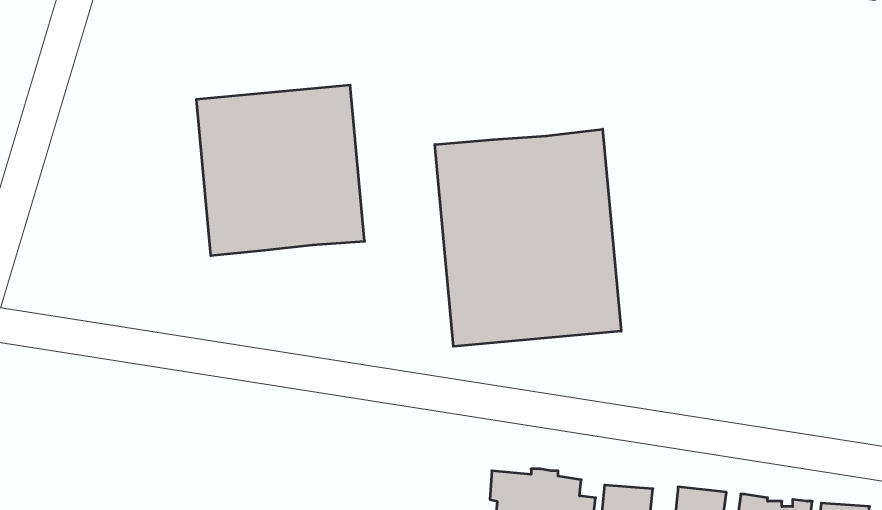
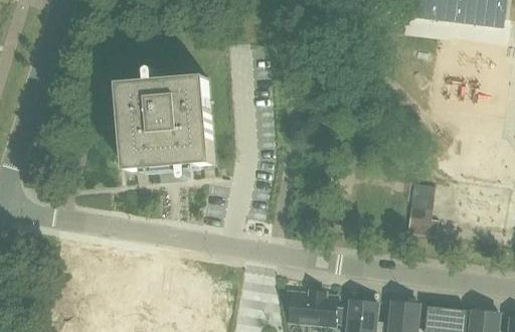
building: [435,129,621,346] -> none
building: none -> [406,182,436,236]

